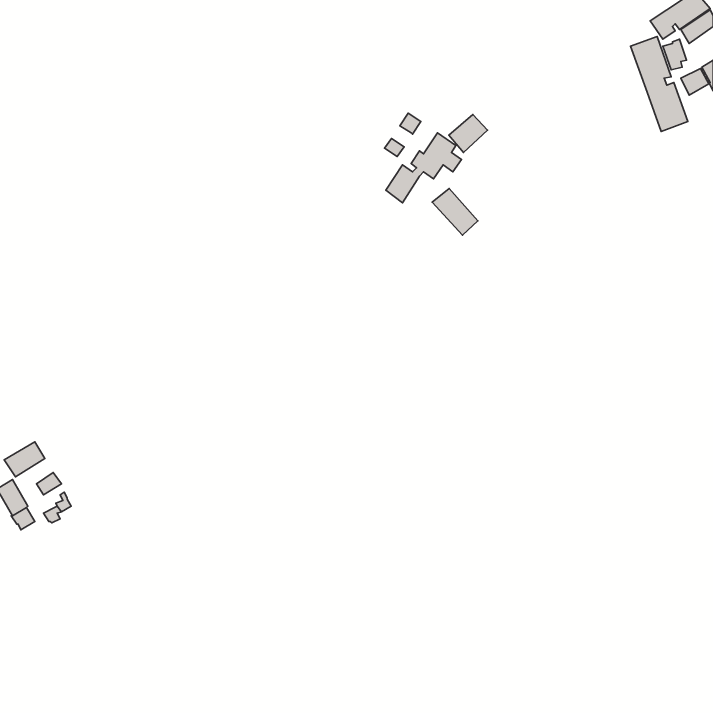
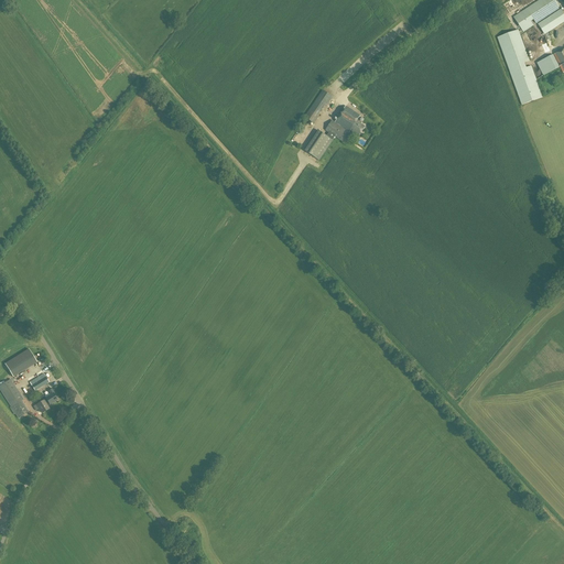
building: [449,114,487,152] -> none
building: [432,188,478,235] -> none

